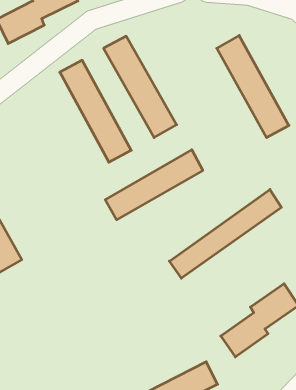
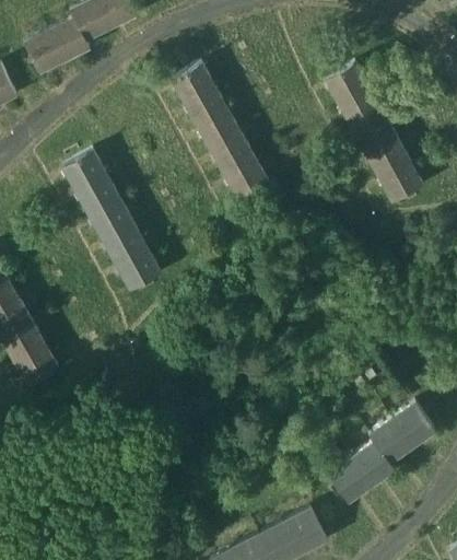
building: [60,60,131,162] -> [63,151,161,290]
building: [105,150,203,220] -> none
building: [169,189,281,278] -> none

